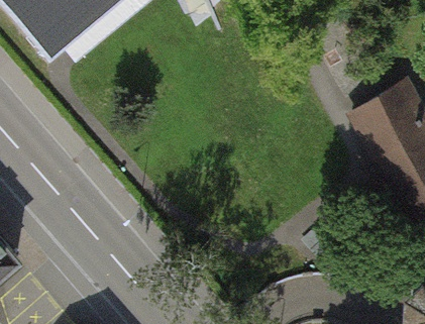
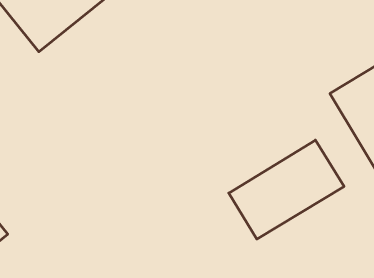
building: none -> [229,140,344,239]

